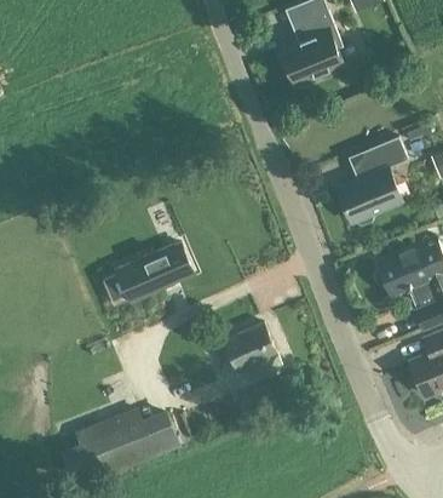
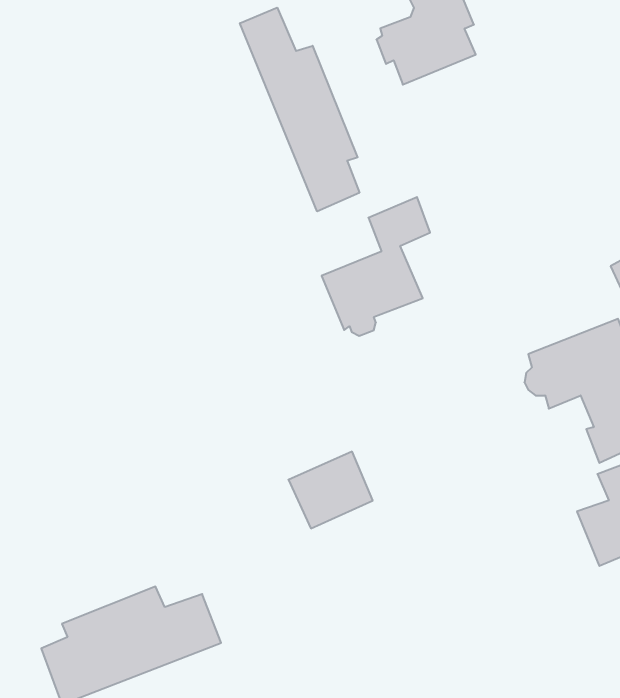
building: none -> [240,8,359,211]
building: [336,136,407,225] -> [322,197,430,336]
building: [115,244,192,303] -> none

